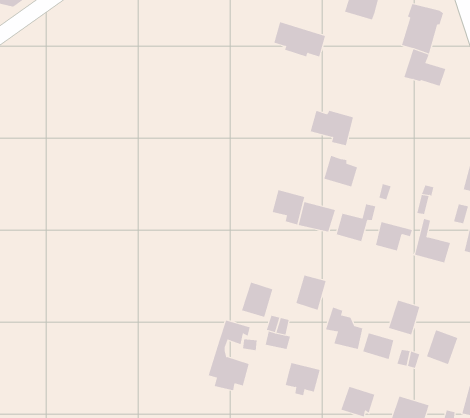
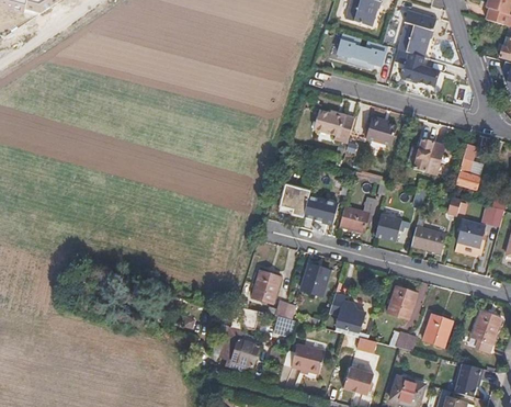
building: [274,21,326,57] -> [339,34,387,67]
building: none -> [411,139,445,176]
building: [323,155,358,187] -> [366,116,398,146]
building: [363,333,394,360] -> none

